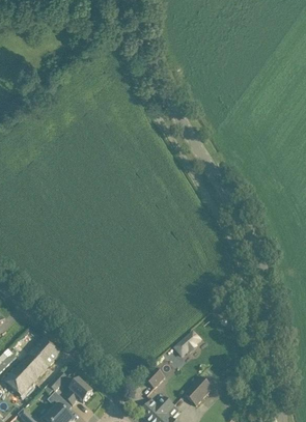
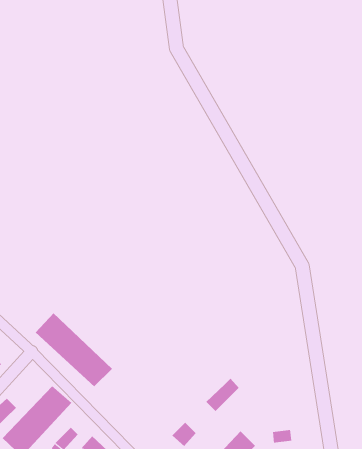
building: none -> [35,313,113,387]

